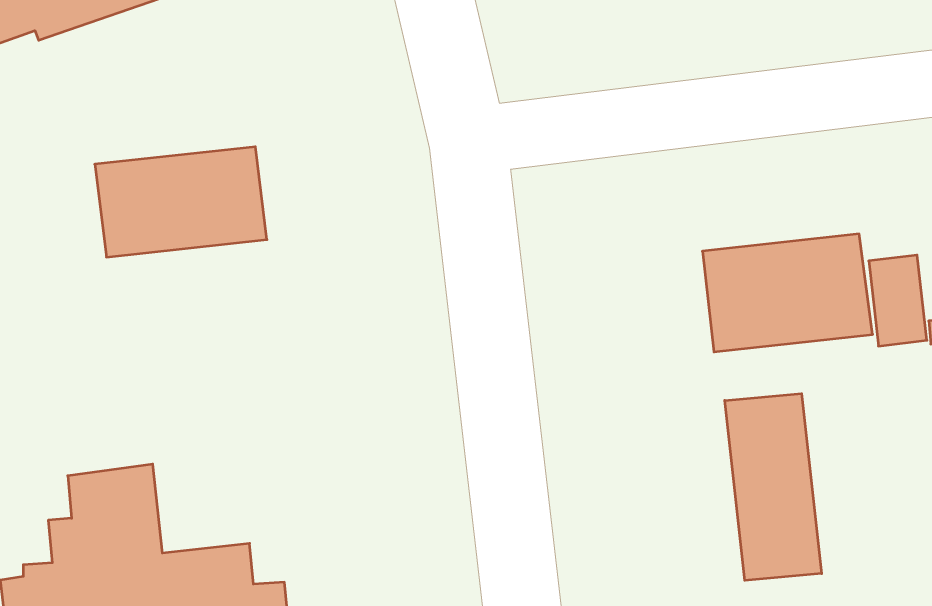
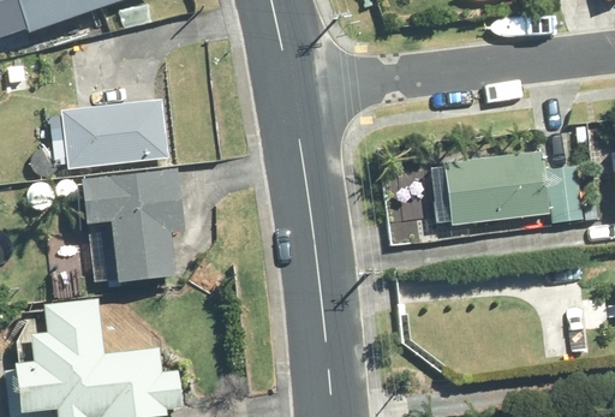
building: none -> [82,165,186,278]
building: [725,394,822,580] -> none

